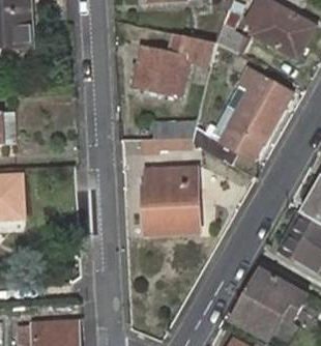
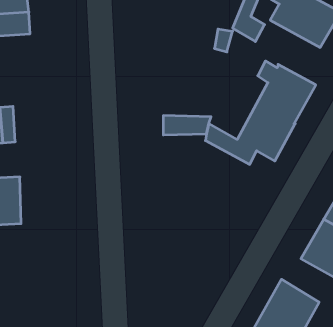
building: [132,42,188,97] -> none
building: [144,167,201,232] -> none

